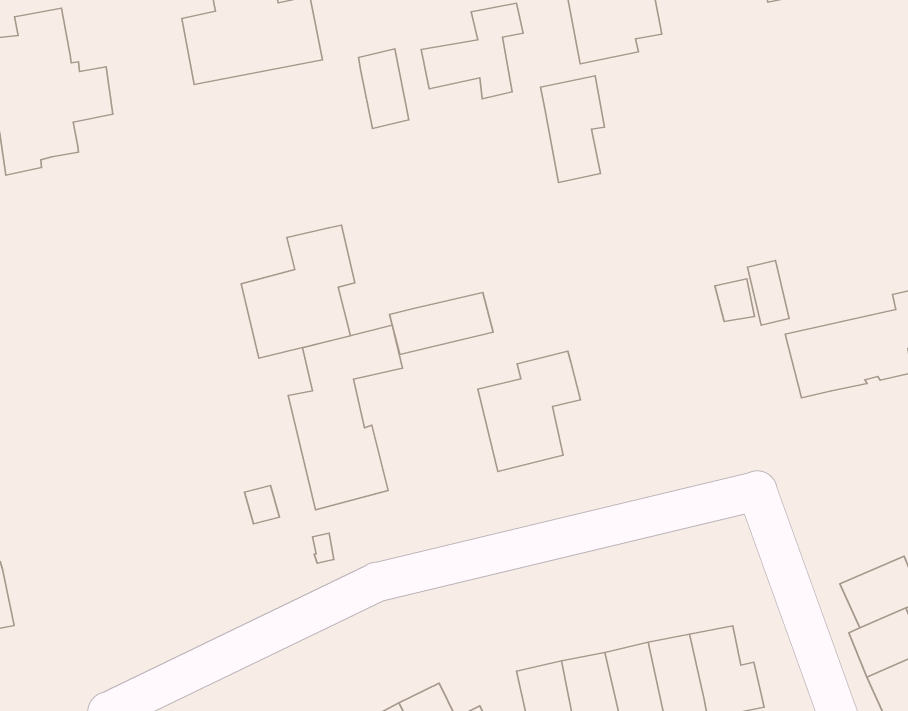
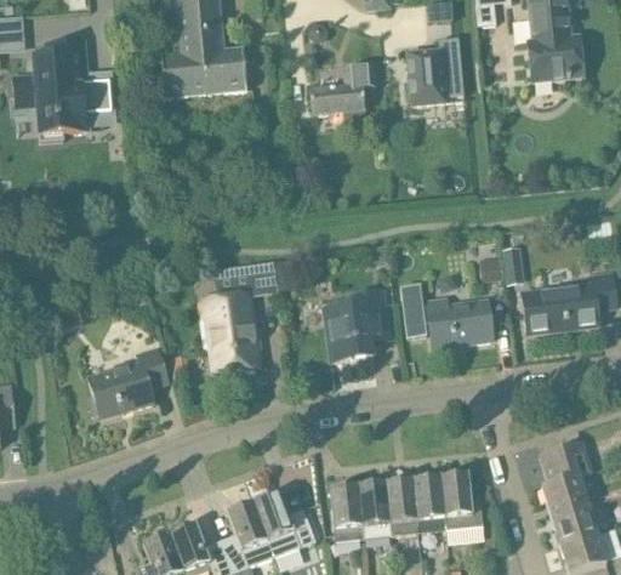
building: [358,49,409,129] -> none
building: [540,76,604,183] -> none
building: [241,225,355,358] -> none
building: [389,292,493,354] -> none
building: none -> [400,284,491,347]
building: none -> [86,347,167,419]

